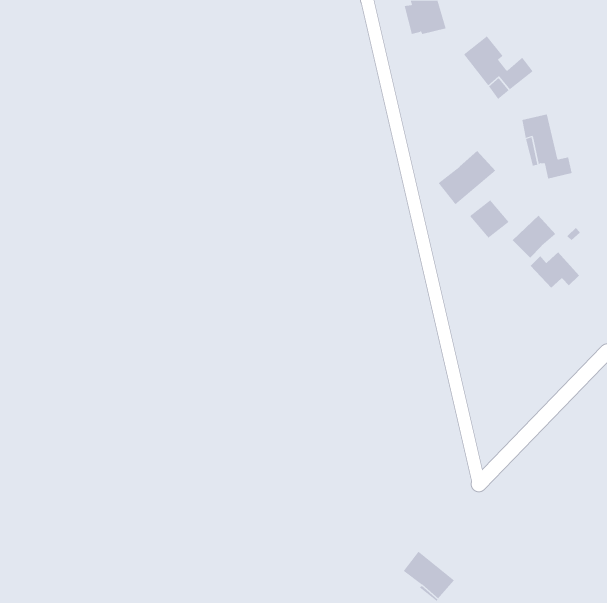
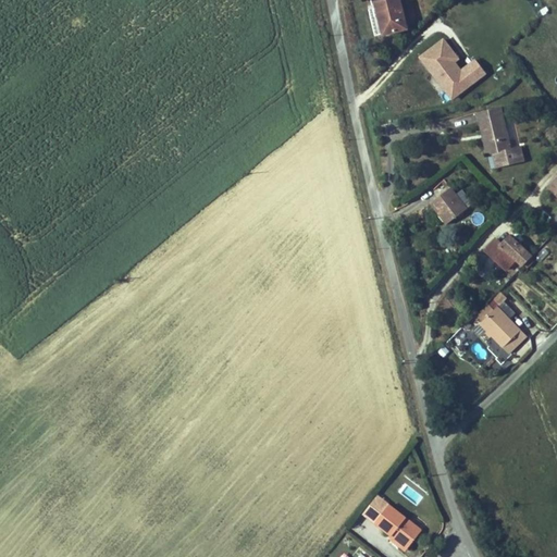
building: [438,150,496,205] -> none
building: [512,215,556,258] -> none
building: none -> [480,307,525,354]

